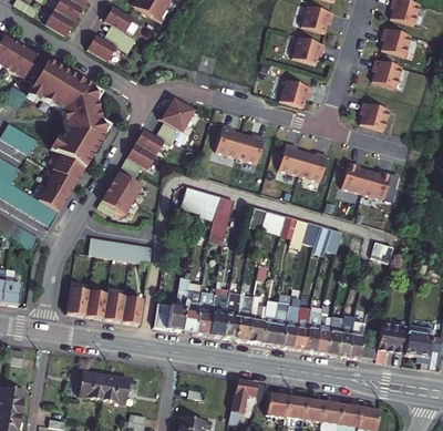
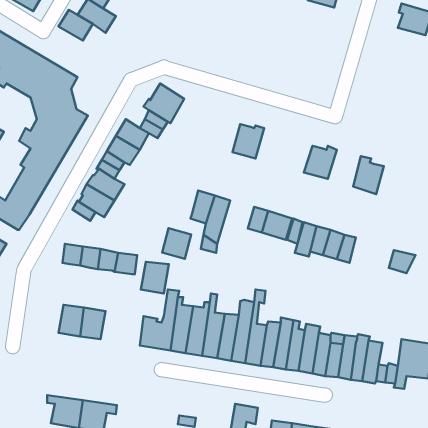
building: [291,37,323,64] -> none
building: [371,59,401,88] -> none
building: [279,79,311,107] -> none
building: [359,102,389,131] -> none
building: [215,124,243,157] -> none
building: [278,143,306,175] -> none
building: [361,170,390,199] -> none
building: [181,185,206,212] -> [162,228,191,259]
building: [65,287,89,315] -> none
building: [121,296,145,324] -> [141,262,169,293]

